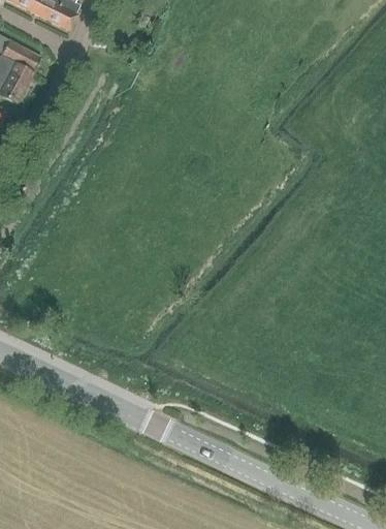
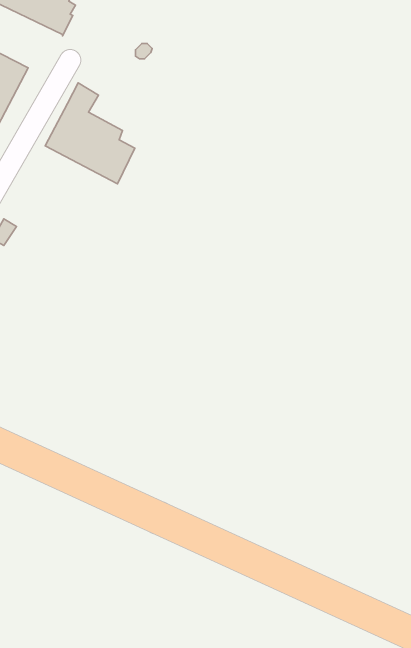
building: none -> [45,83,135,184]

